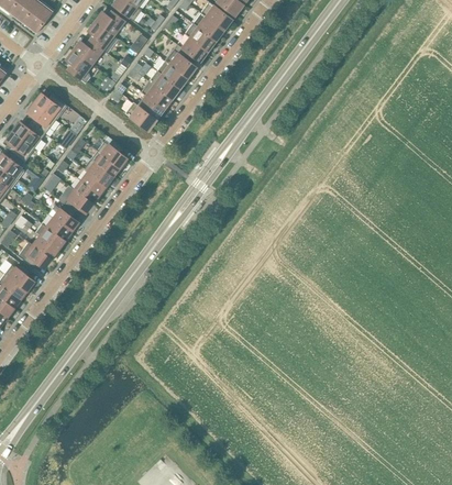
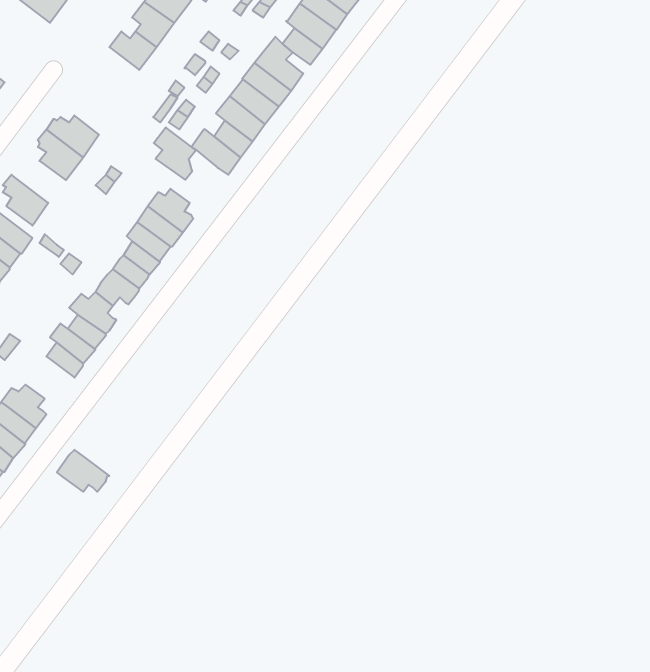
building: [65,51,91,84] -> [154,127,196,180]
building: [11,122,45,148] -> none
building: [18,242,51,268] -> [57,450,109,492]

